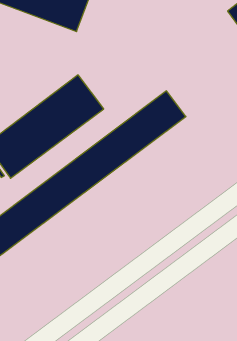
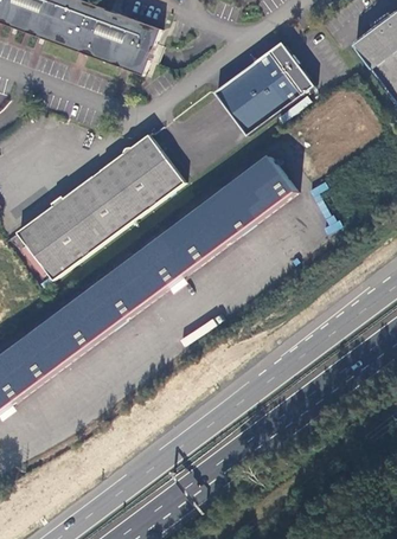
building: none -> [214,40,312,133]

